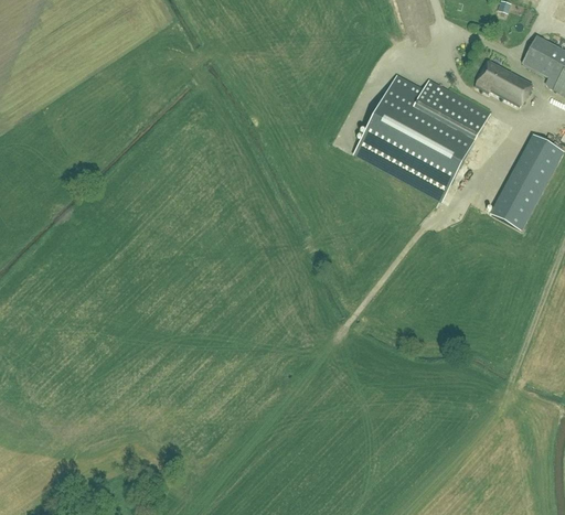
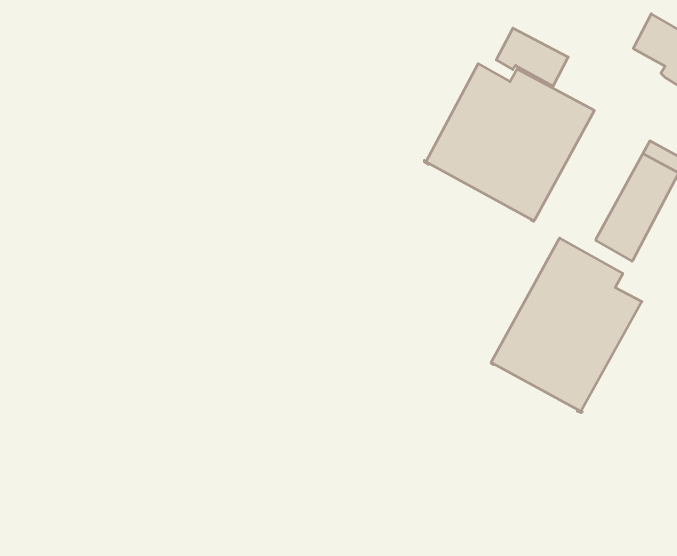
building: [475,58,532,105] -> [496,28,568,86]
building: none -> [491,238,642,413]

